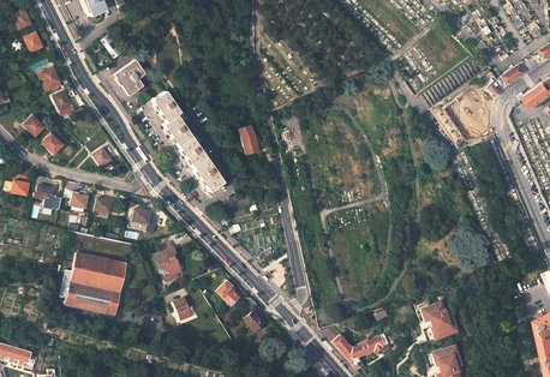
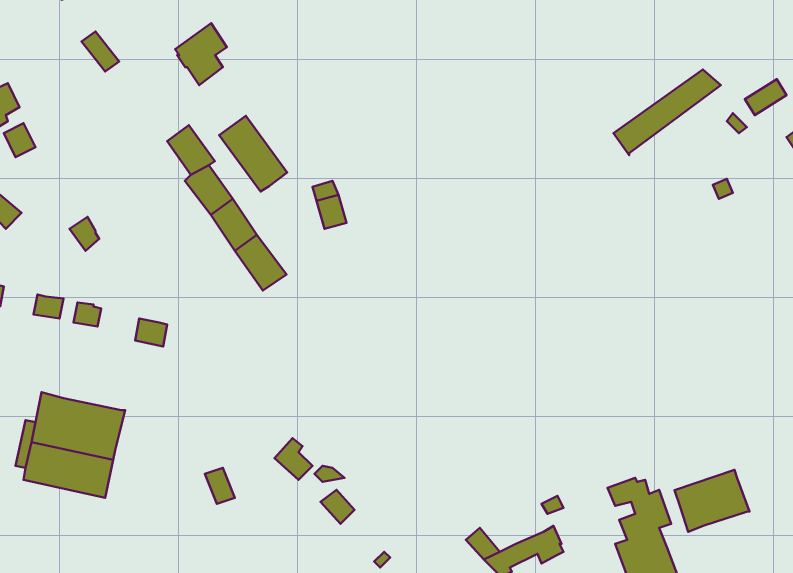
building: [114,59,145,96] -> [175,23,227,85]
building: none -> [219,116,287,192]
building: [155,246,181,282] -> none
building: none -> [675,470,750,532]

